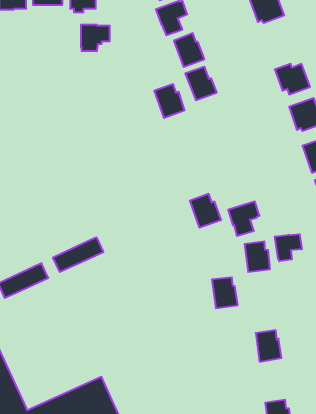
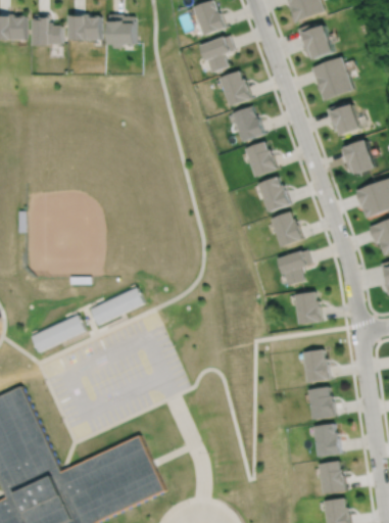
building: none -> [311,55,355,100]
building: [81,25,110,51] -> none
building: [154,84,185,118] -> [244,141,277,177]
building: none -> [256,176,290,212]
building: [190,194,221,227] -> [270,211,303,247]
building: [275,234,302,261] -> none
building: [212,277,238,308] -> [301,350,329,383]
building: none -> [311,425,339,458]

